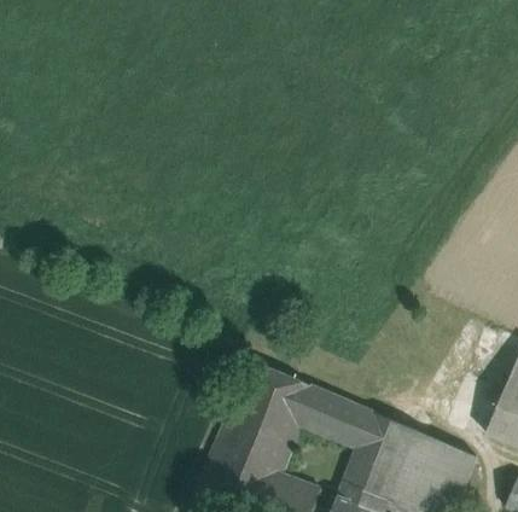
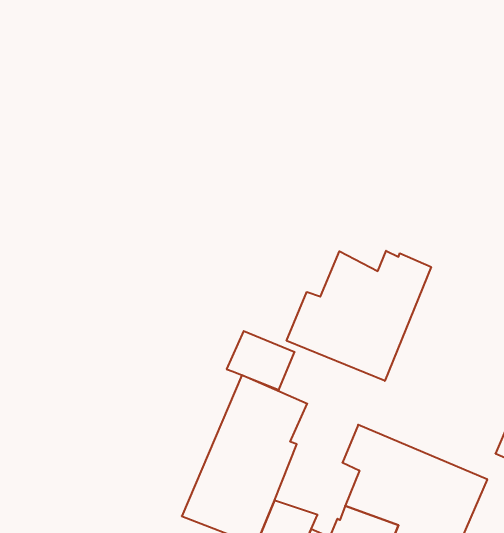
building: none -> [287,251,431,381]
building: [296,385,359,440] -> [227,331,295,390]

